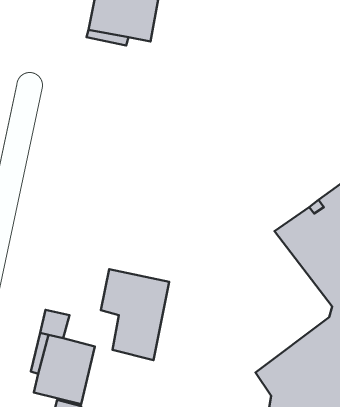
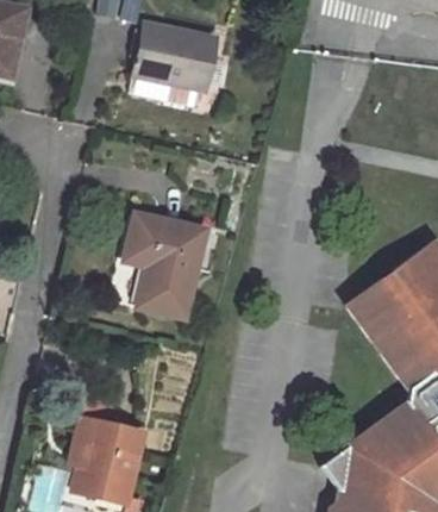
building: [101,269,169,360] -> [126,216,204,319]

